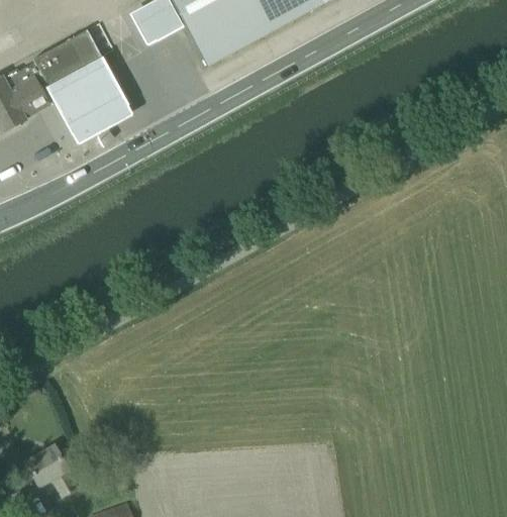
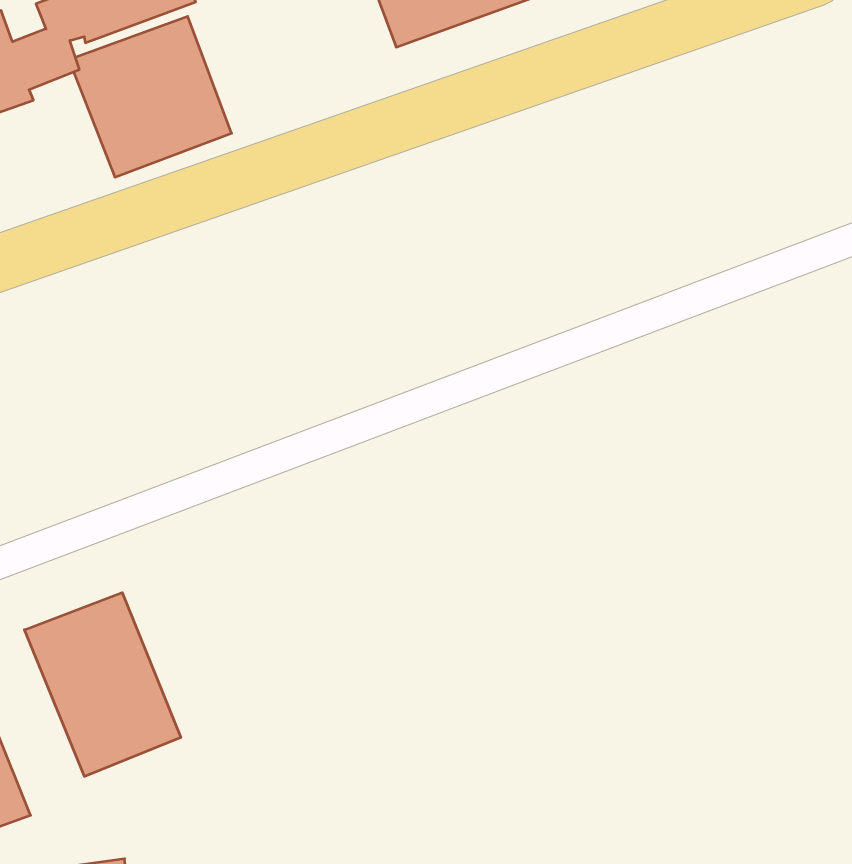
building: none -> [24,593,181,776]

